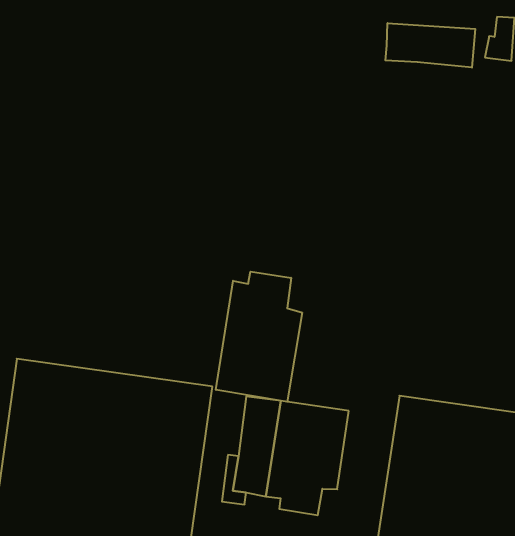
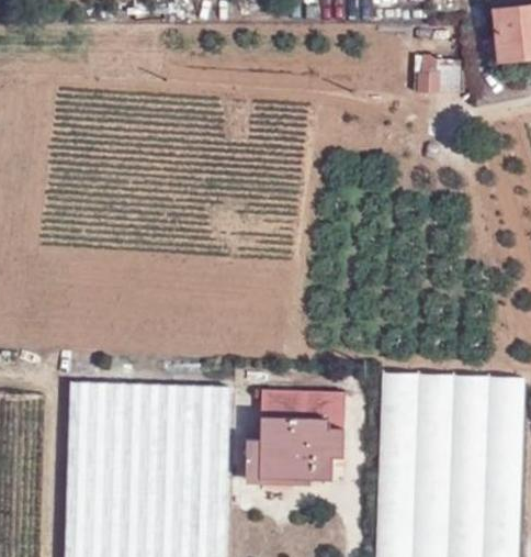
building: [385,23,475,68] -> none
building: [216,272,302,402] -> none

